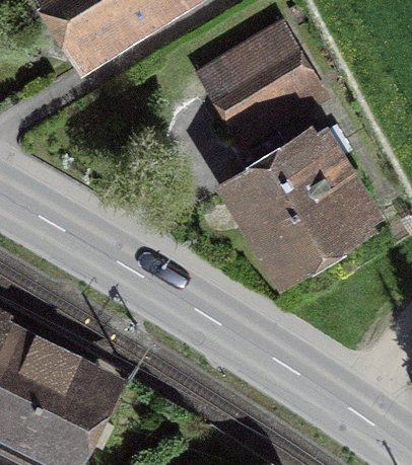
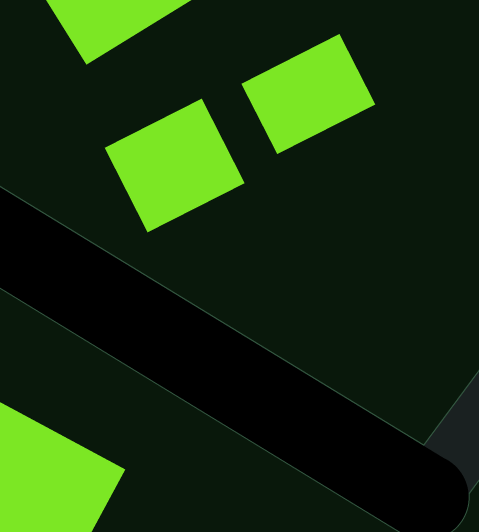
building: none -> [104,97,246,234]
building: [230,127,371,267] -> none

